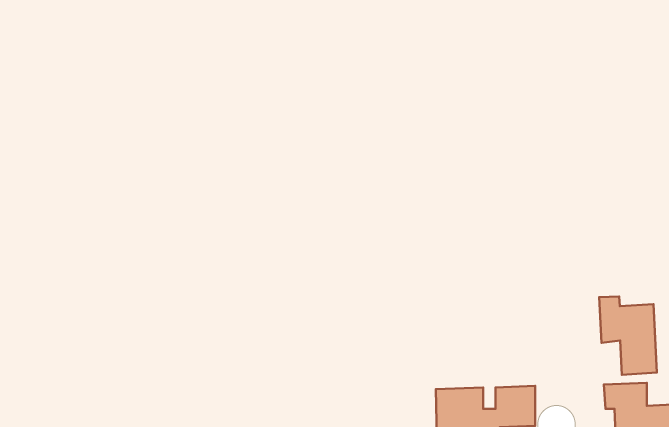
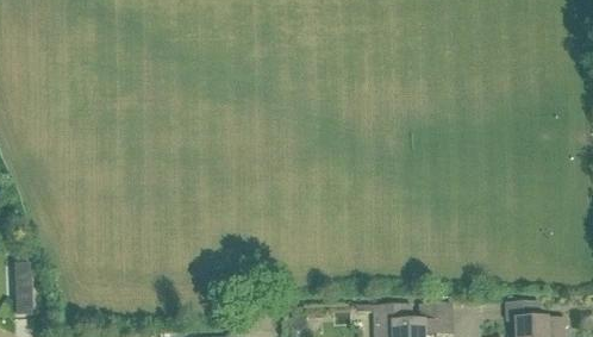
building: [599,297,657,375] -> none

